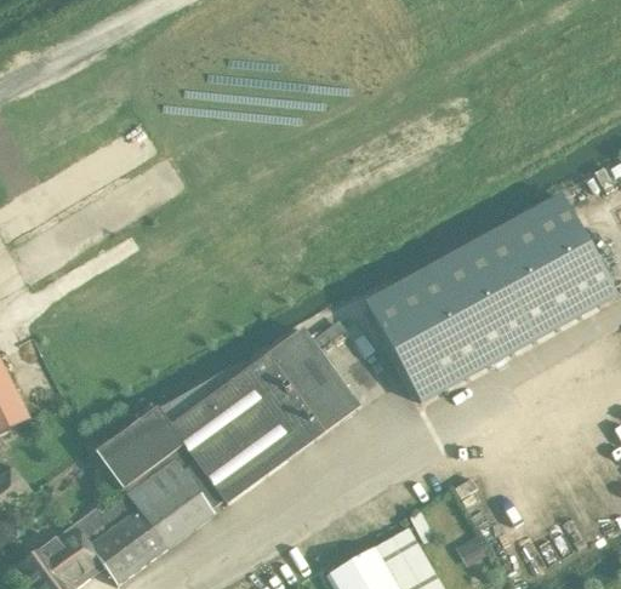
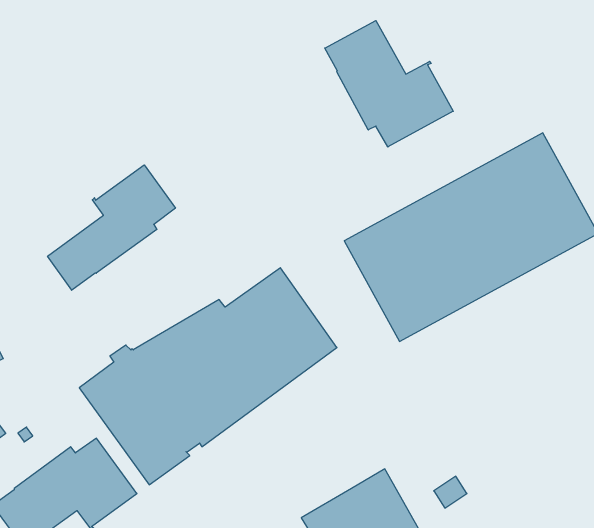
building: none -> [325,21,453,147]
building: none -> [48,165,175,290]

